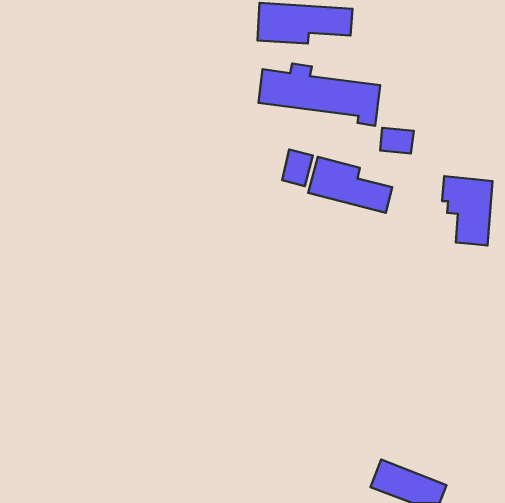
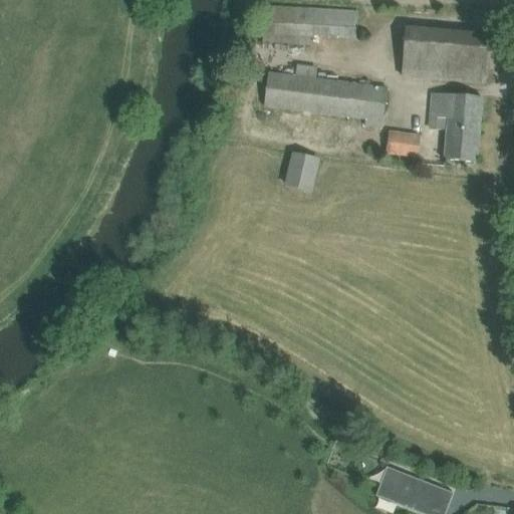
building: none -> [403,27,486,81]
building: [308,157,392,213] -> none
building: [442,176,493,246] -> [430,90,481,161]

